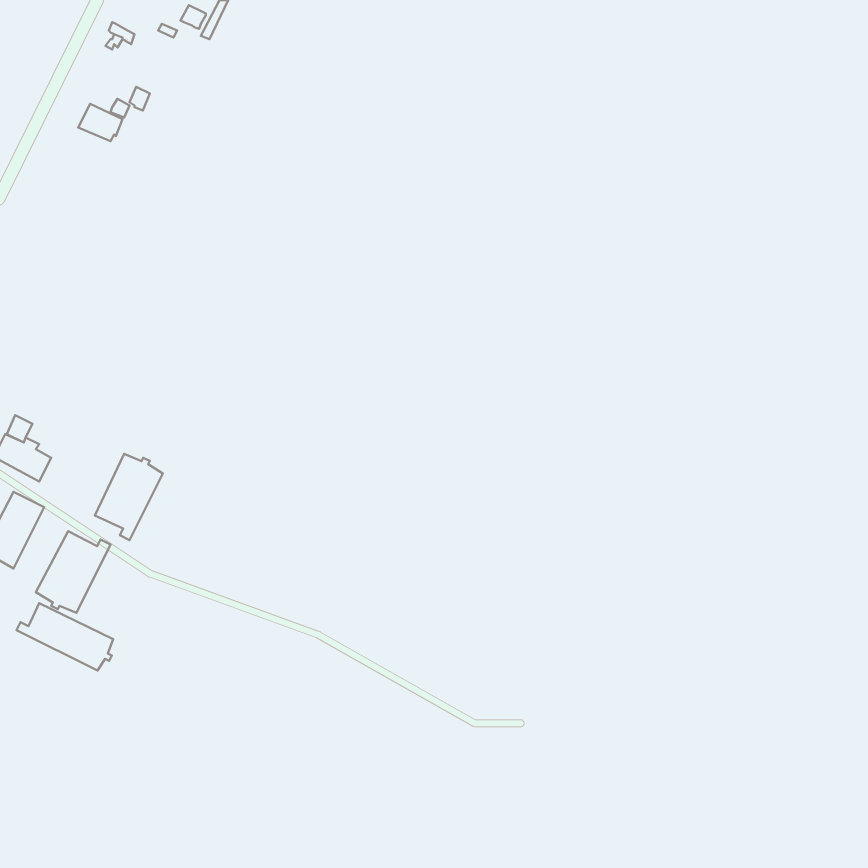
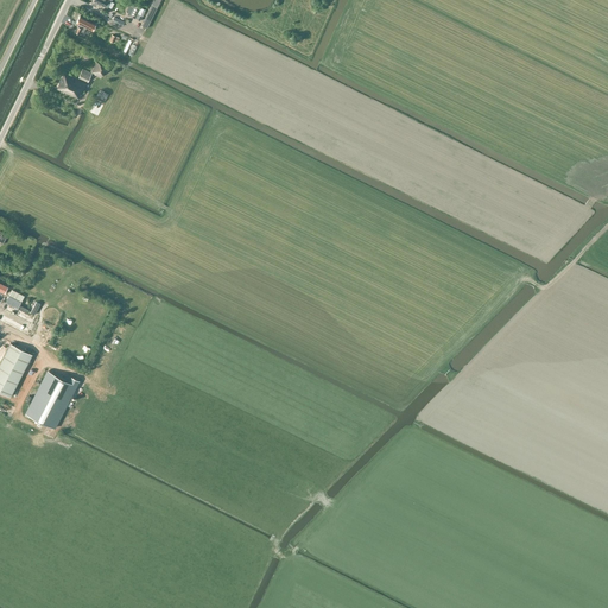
building: [95,454,163,540] -> none
building: [16,603,113,671] -> none

